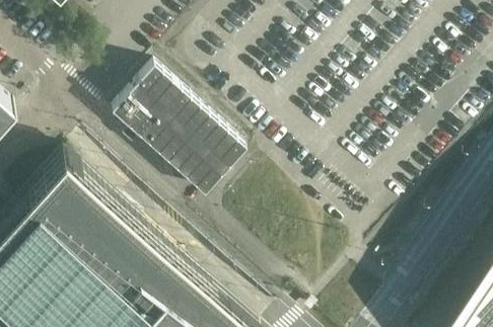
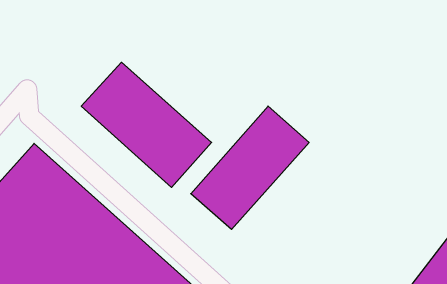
building: none -> [191,106,309,229]

